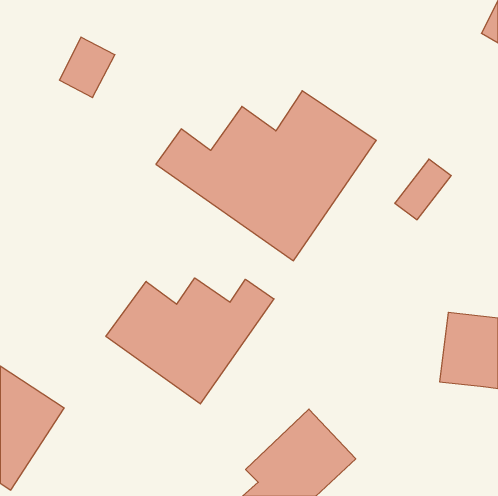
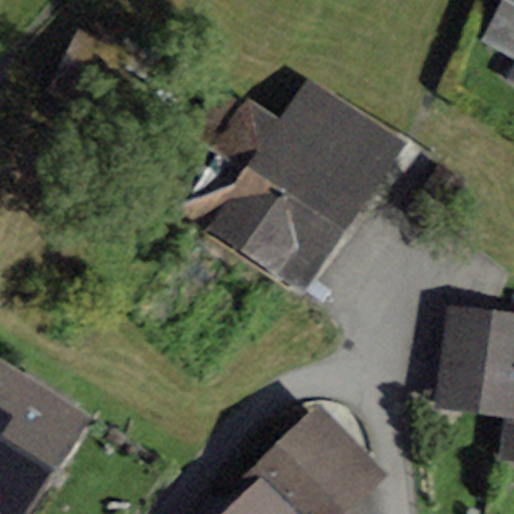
building: [106,278,274,404] -> none

